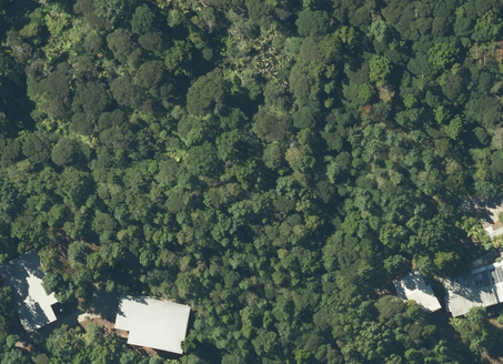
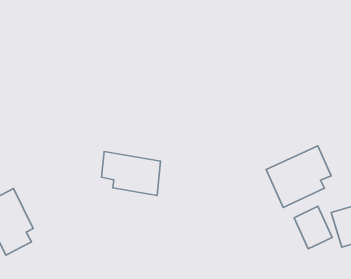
building: none -> [266,146,331,208]
building: [119,292,193,347] -> [101,151,161,196]

